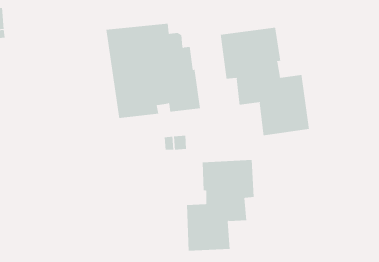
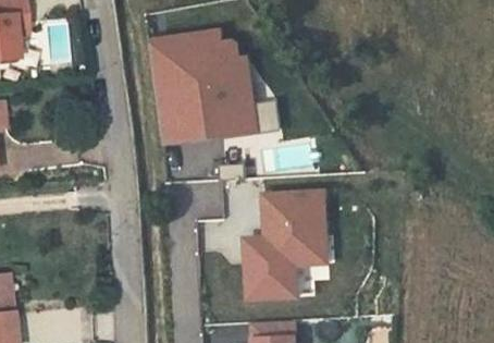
building: [220,27,310,136] -> none

